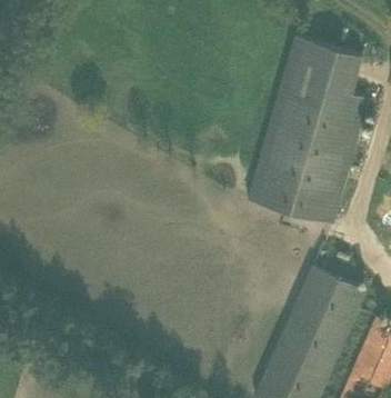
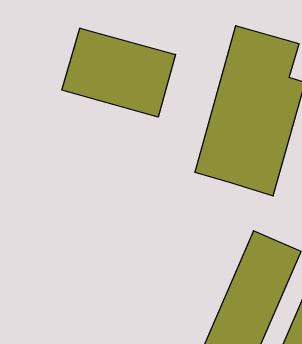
building: none -> [62,28,175,117]

